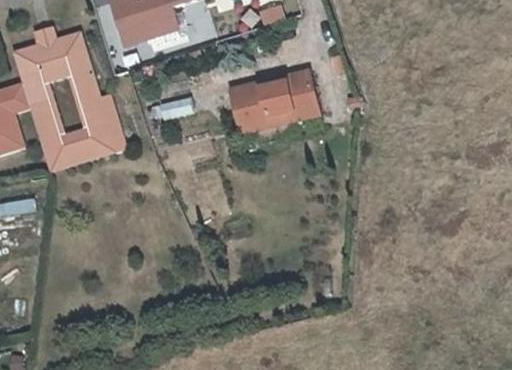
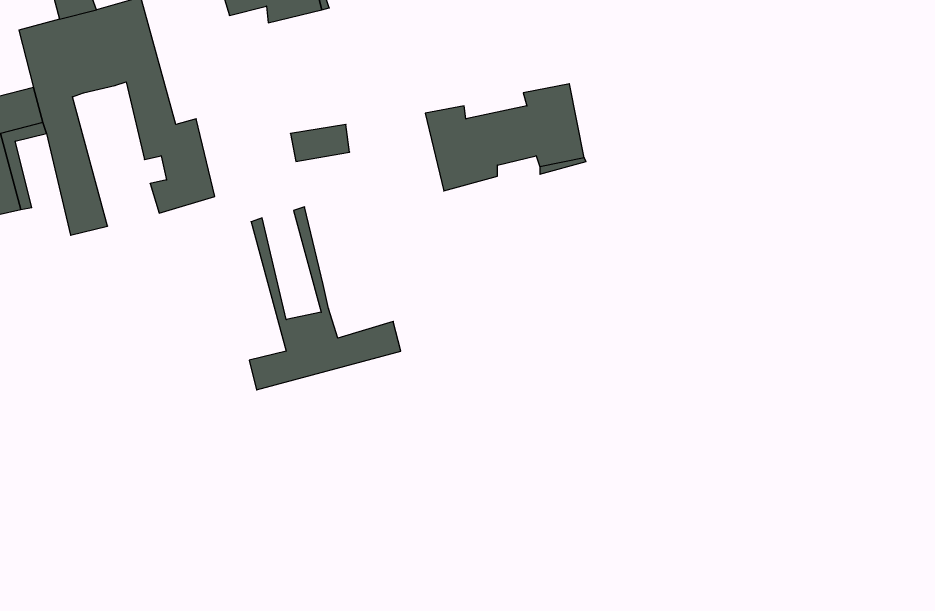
building: [40,74,122,173] -> [249,207,401,390]

